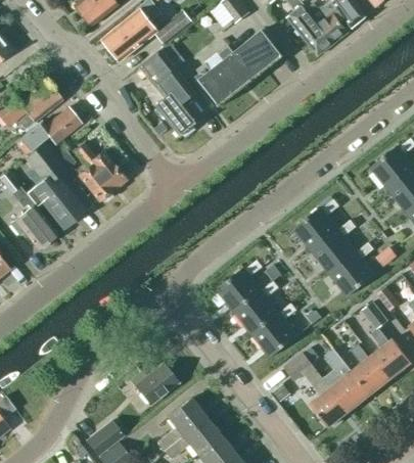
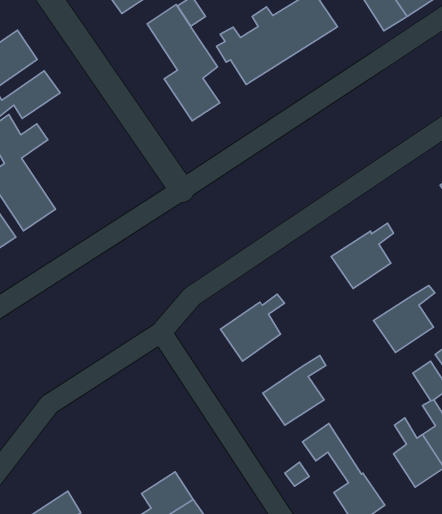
building: [75,144,126,201] -> none
building: [312,221,357,273] -> none
building: [234,280,279,334] -> none
building: [324,348,371,410] -> none
building: [131,363,179,405] -> none

